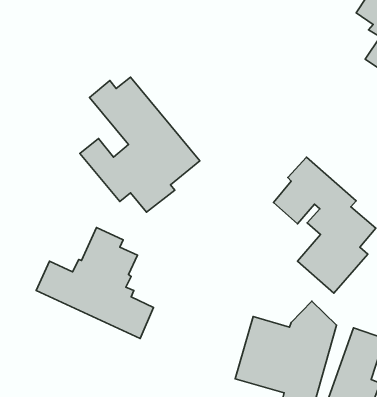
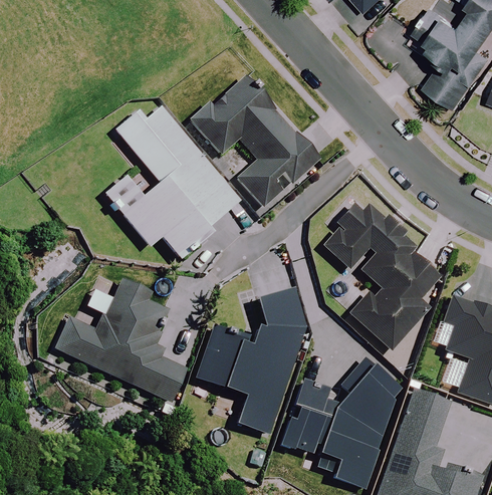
building: none -> [195,77,320,211]
building: none -> [198,287,305,435]

